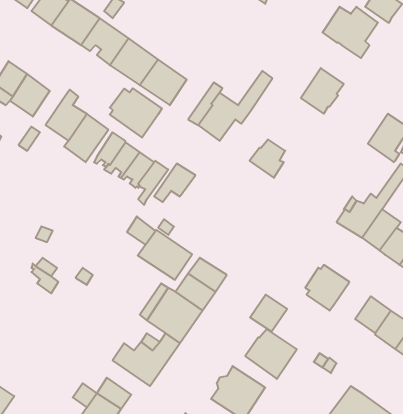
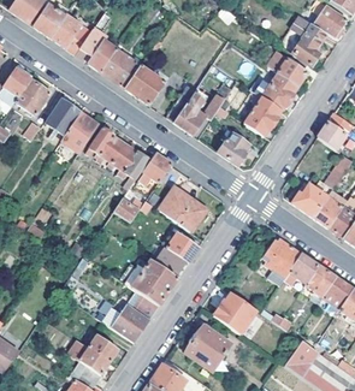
building: none -> [268,51,312,85]
building: [110,88,162,138] -> none
building: none -> [244,97,280,135]
building: [138,230,192,280] -> [159,188,205,230]
building: [250,295,287,332] -> [289,253,320,284]

